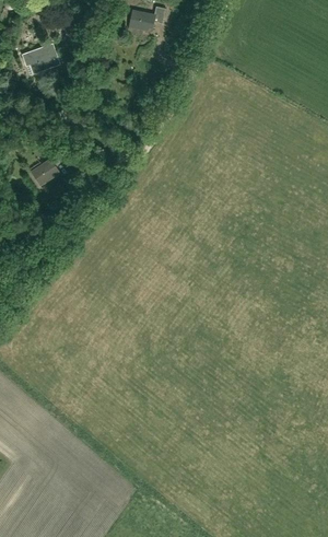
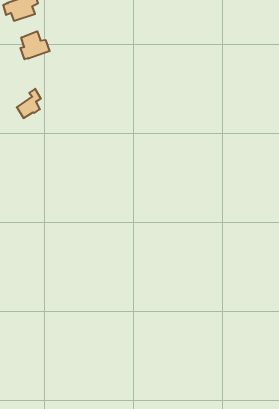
building: none -> [20,31,50,59]

